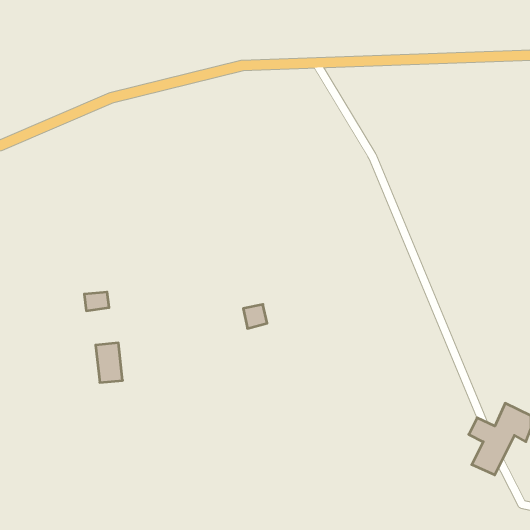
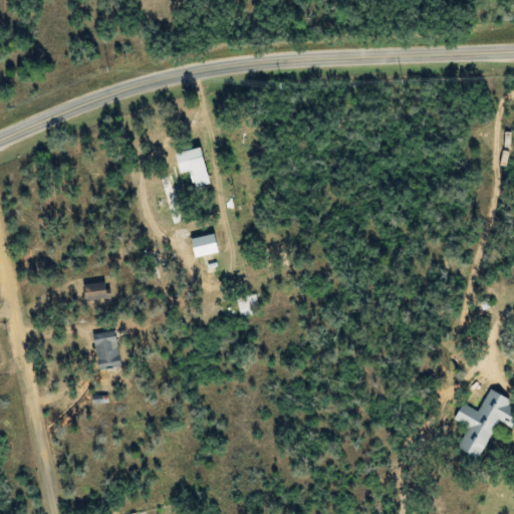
building: none -> [174,147,209,187]
building: none -> [191,234,217,256]

